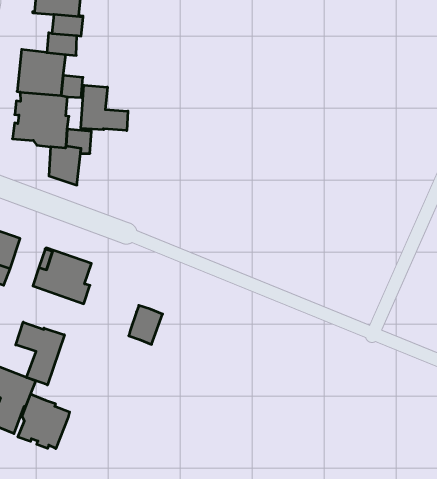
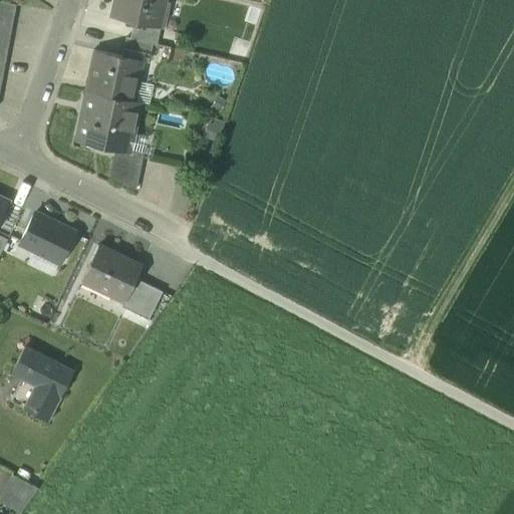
building: [81,85,128,131] -> none
building: [129,305,163,344] -> [126,280,162,319]
building: [16,322,64,385] -> none
building: [18,394,70,449] -> none

